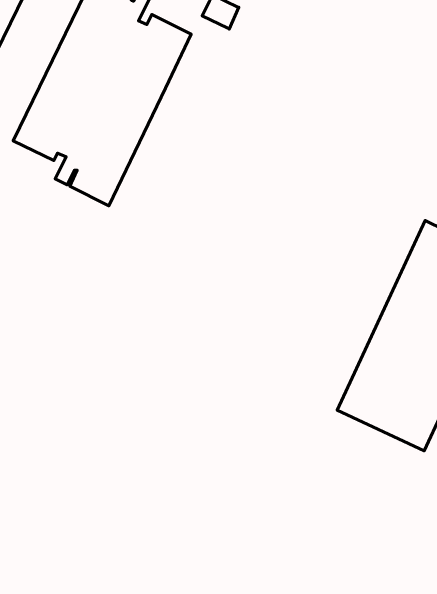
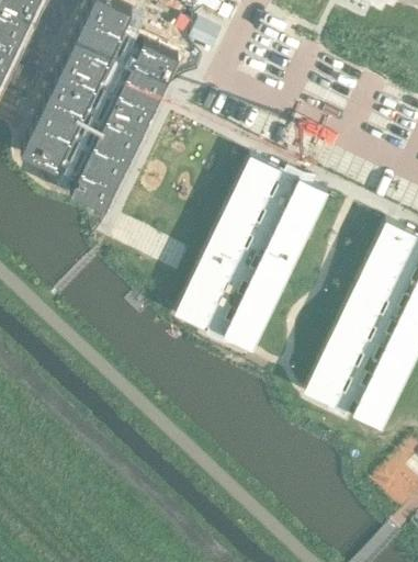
building: none -> [173,155,326,349]

